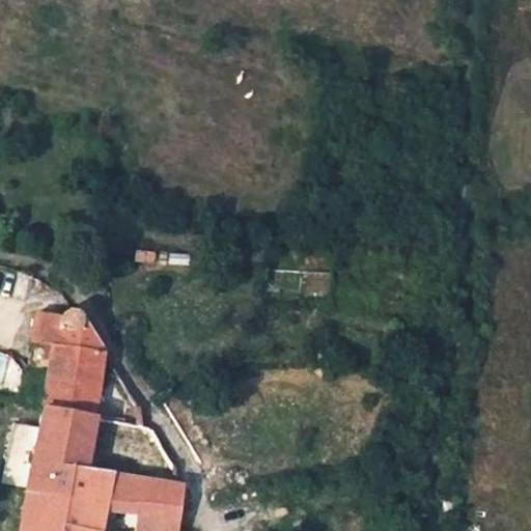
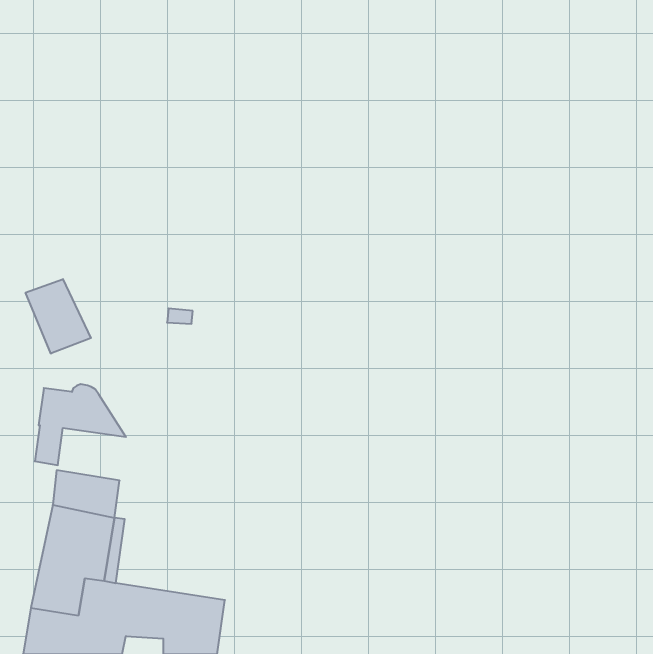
building: none -> [26,279,91,354]
building: [49,345,105,388] -> none

